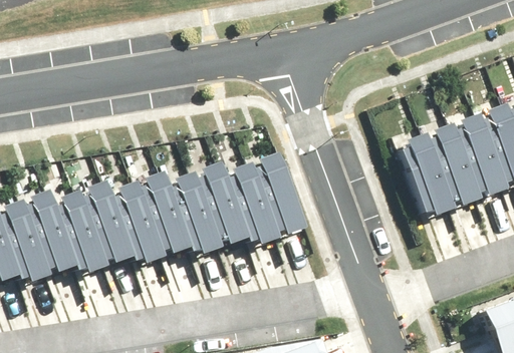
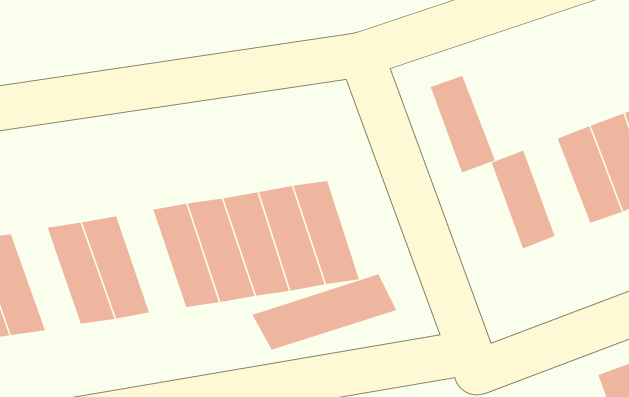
building: [429,124,481,202] -> [430,75,496,173]
building: [107,181,162,262] -> none
building: [24,195,78,276] -> none
building: none -> [251,274,397,350]

